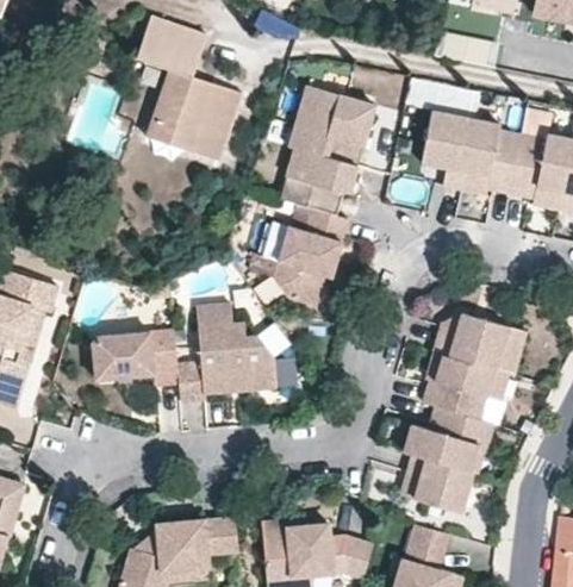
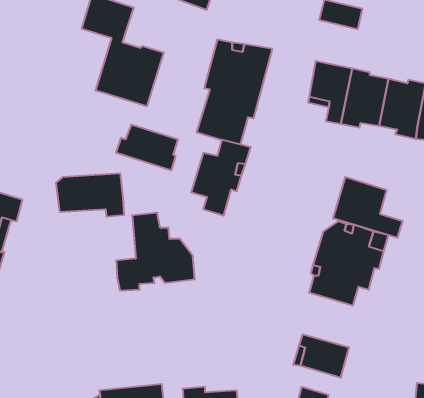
building: none -> [116,124,178,170]
building: none -> [333,177,403,238]
building: [92,331,179,386] -> [56,174,124,217]
building: [404,406,493,470] -> none

